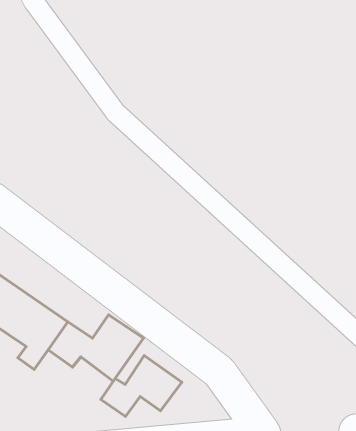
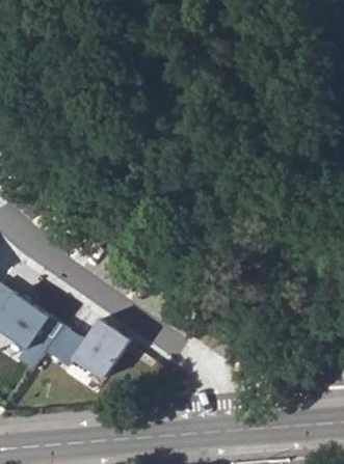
building: [101,356,182,416] -> none

